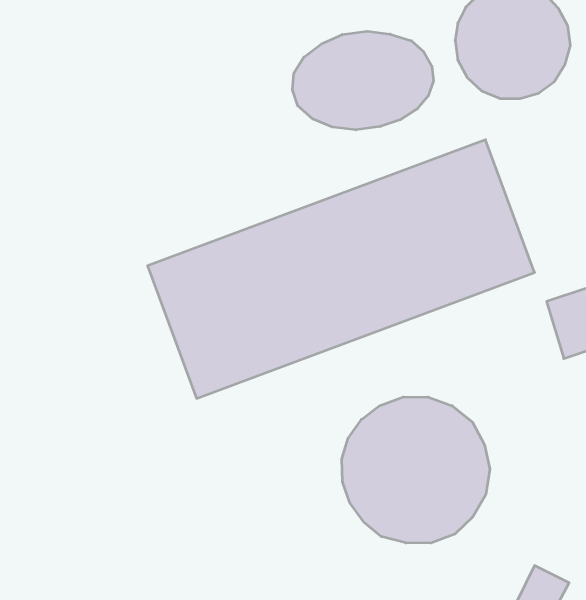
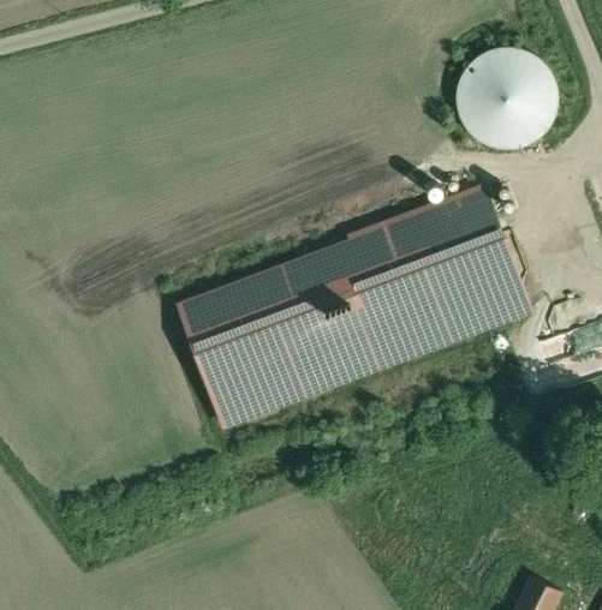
building: [293,31,433,130] -> none
building: [342,397,490,543] -> none

